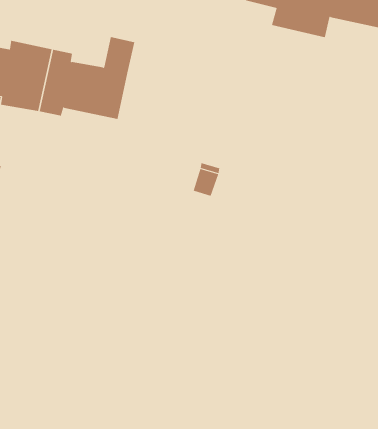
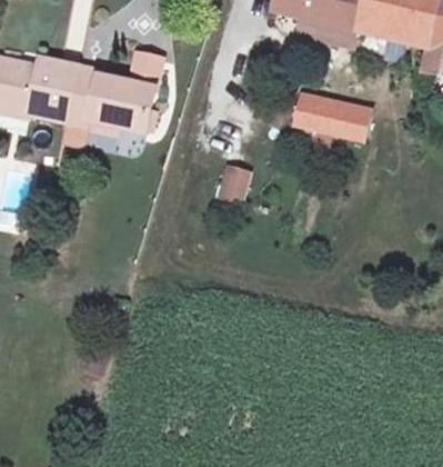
building: none -> [293,101,360,138]

